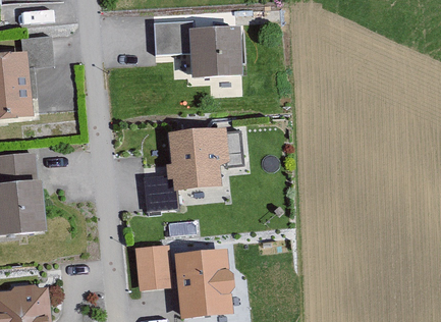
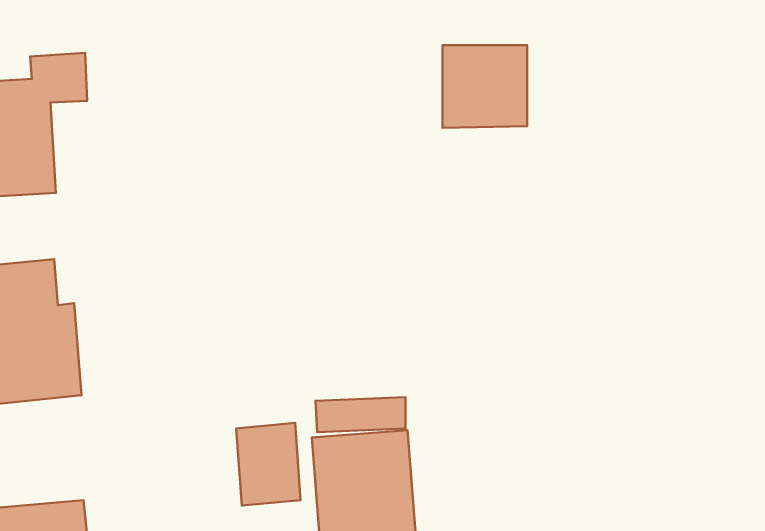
building: [150,23,180,54] -> none
building: [191,31,238,76] -> [442,45,527,128]
building: [141,130,229,209] -> none

